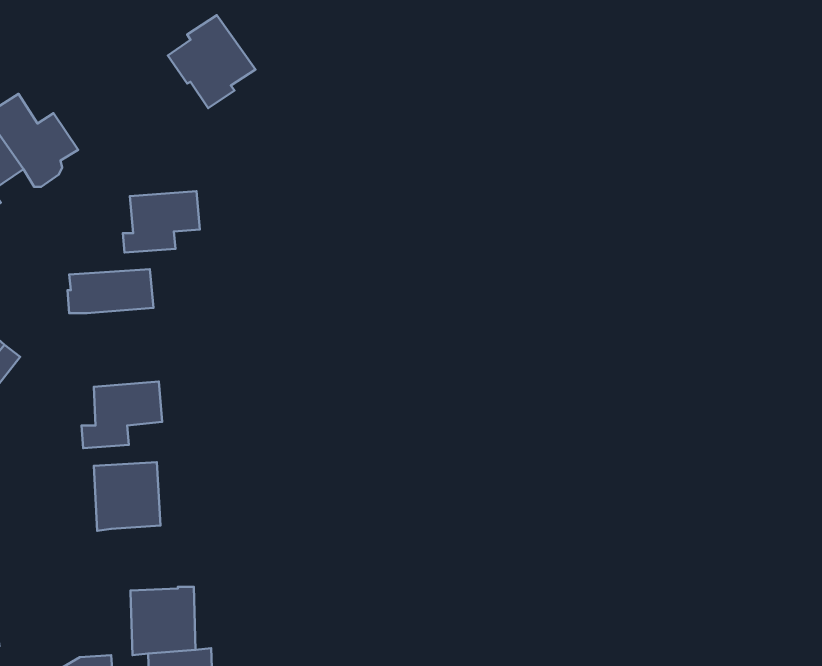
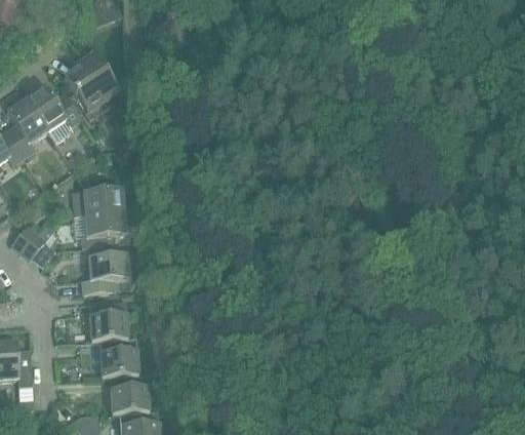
building: [168,15,256,108] -> [64,54,115,109]
building: [123,191,200,252] -> [80,211,125,247]
building: none -> [98,338,137,378]

